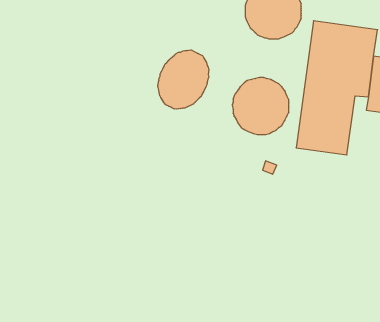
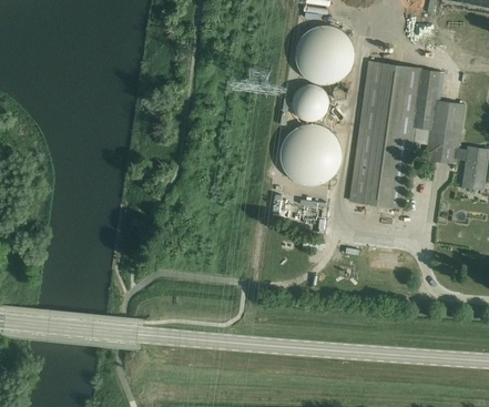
building: none -> [293,84,329,121]
building: [158,50,209,109] -> none

